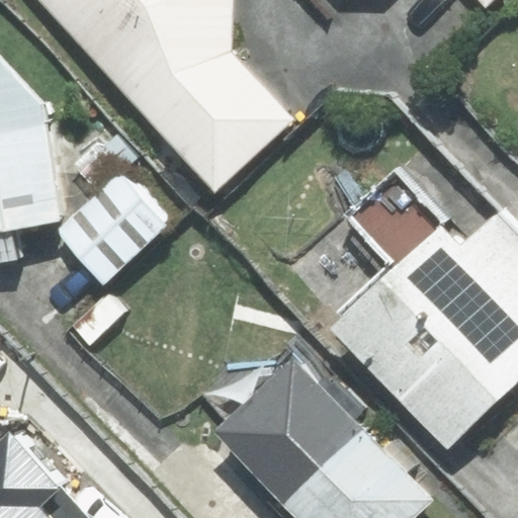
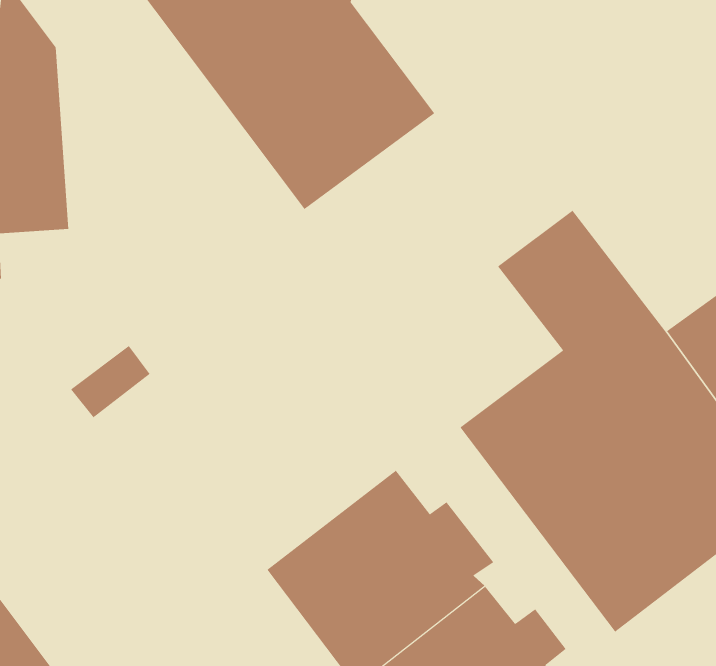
building: [59,175,167,281] -> none

